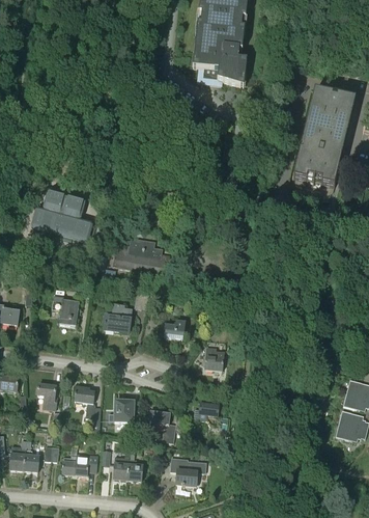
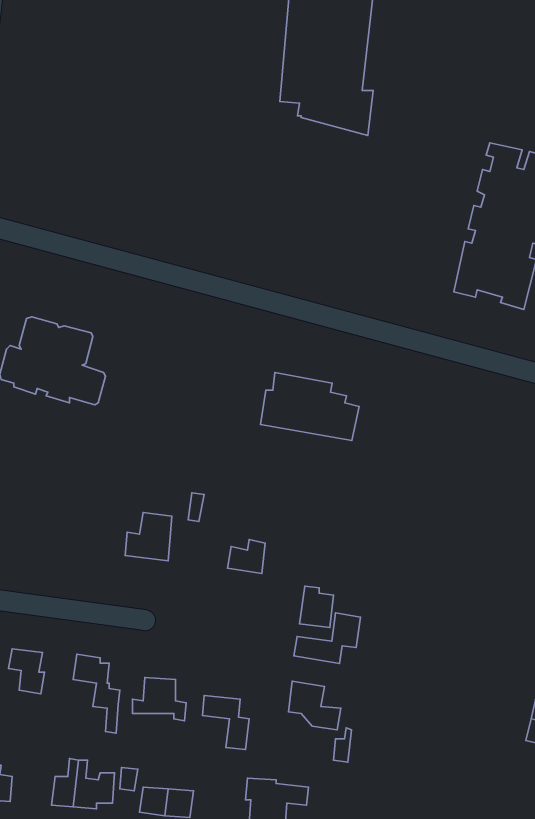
building: [113,236,170,275] -> [260,372,359,441]
building: [51,296,81,326] -> none
building: none -> [294,613,361,663]

